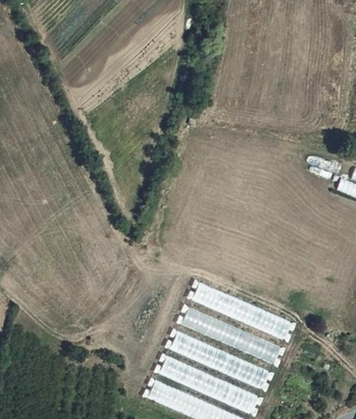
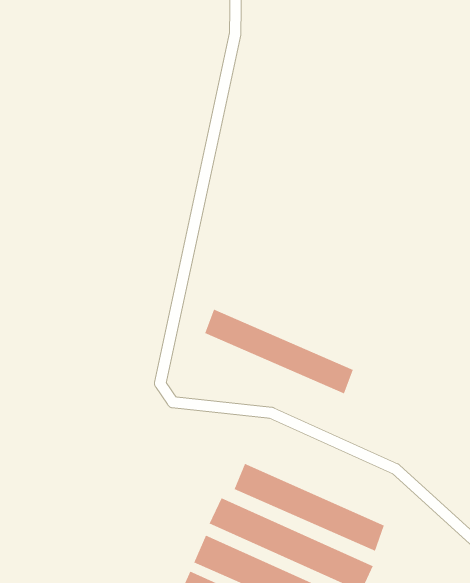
building: [195,284,293,340] -> [204,309,354,394]

